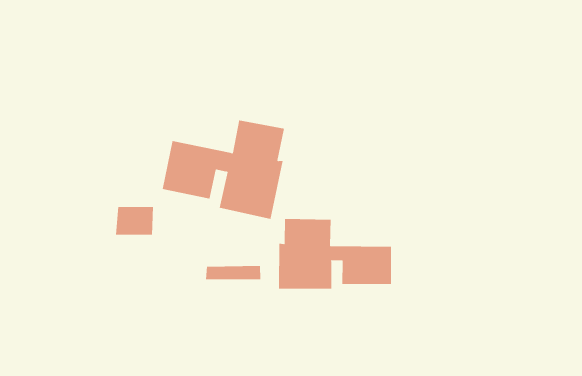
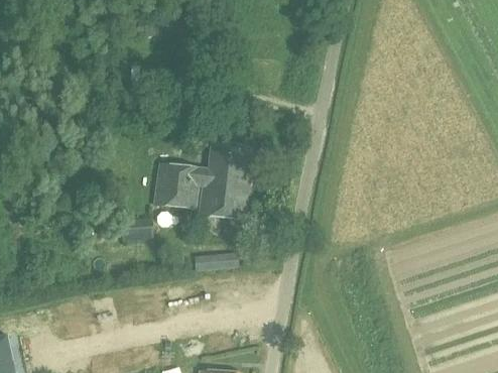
building: [279,218,392,290] -> none

